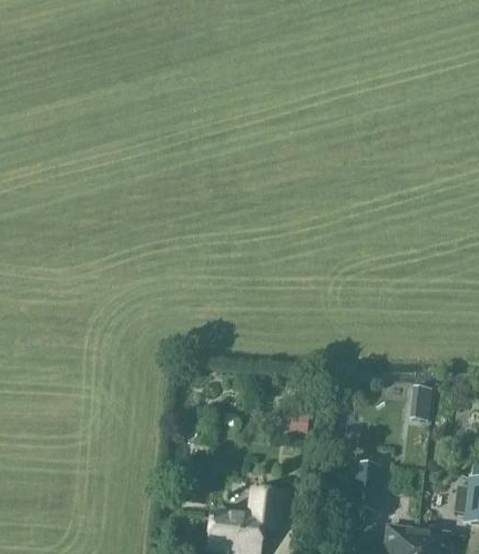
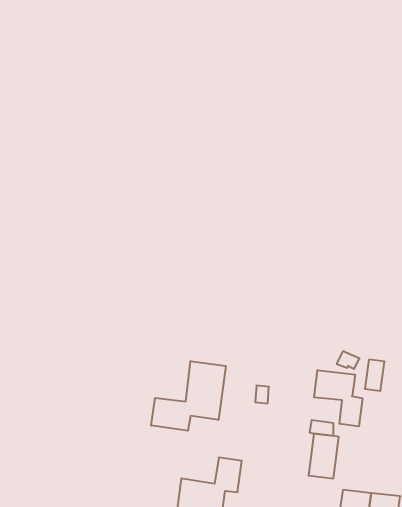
building: none -> [151,361,226,431]
building: none -> [314,370,362,426]

